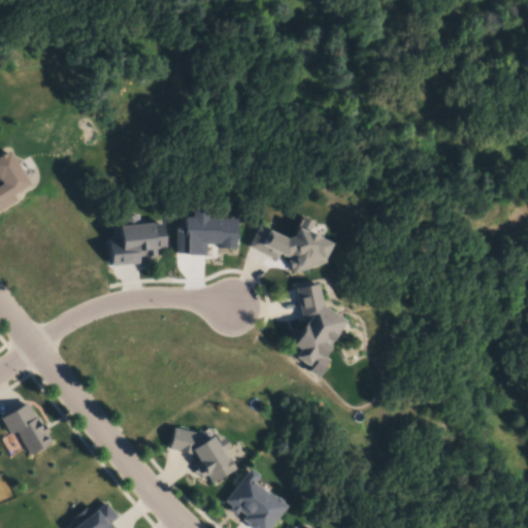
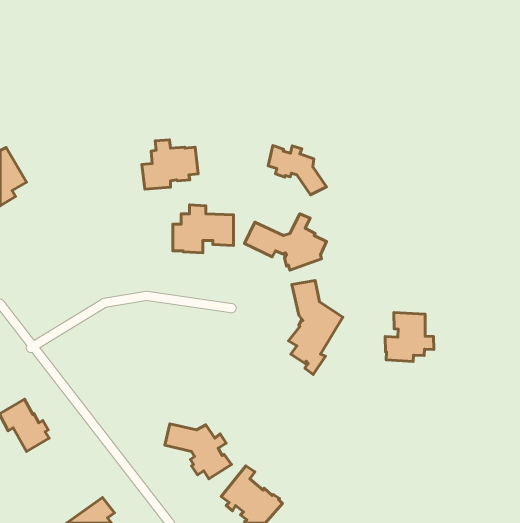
building: none -> [268,145,327,195]
building: [110,214,167,264] -> [142,140,198,189]
building: none -> [385,313,434,361]

